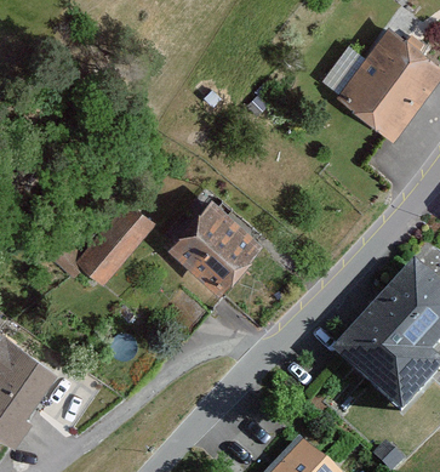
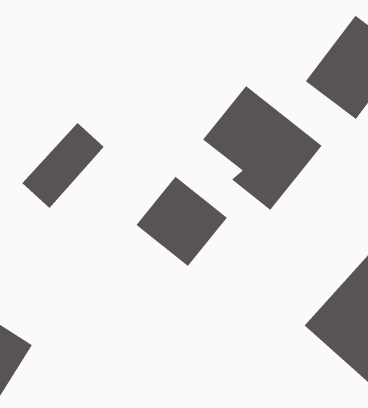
building: none -> [202,85,323,211]
building: [73,193,159,283] -> [21,122,104,209]

